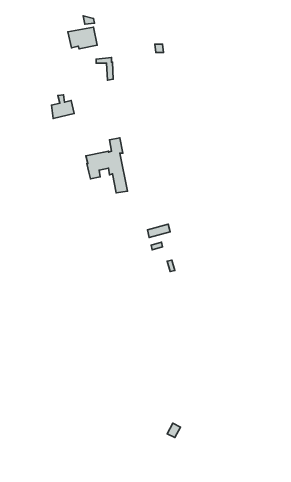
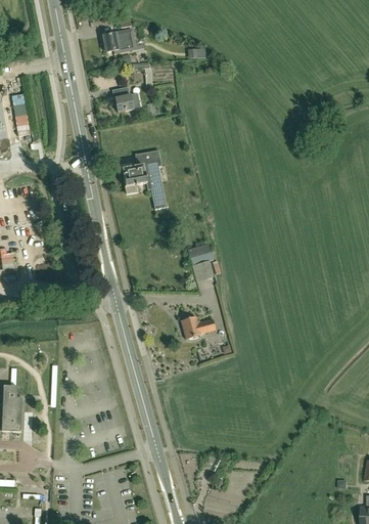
building: [51,95,74,118] -> [116,87,140,113]
building: none -> [181,316,216,339]

